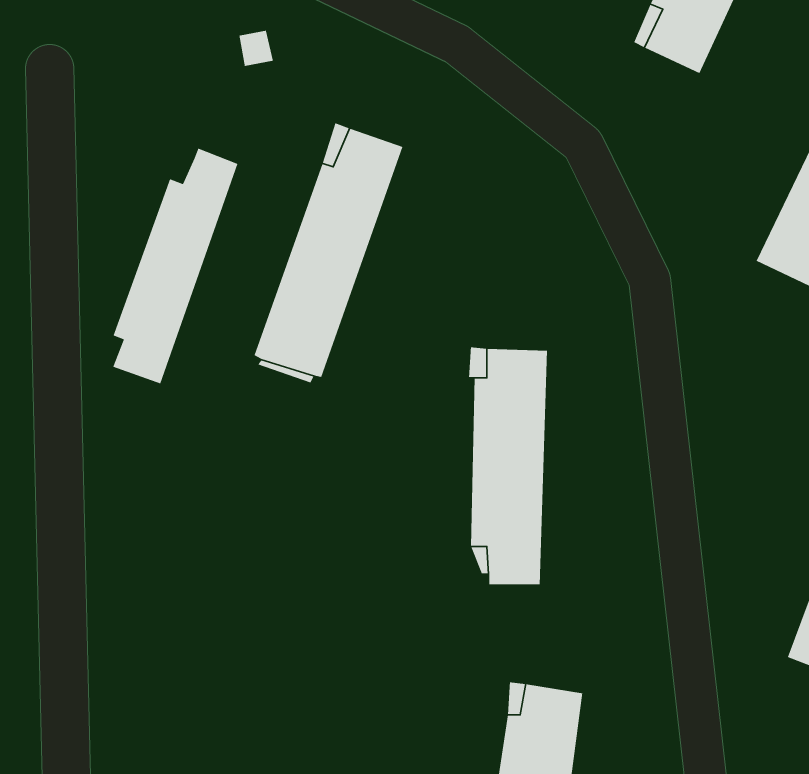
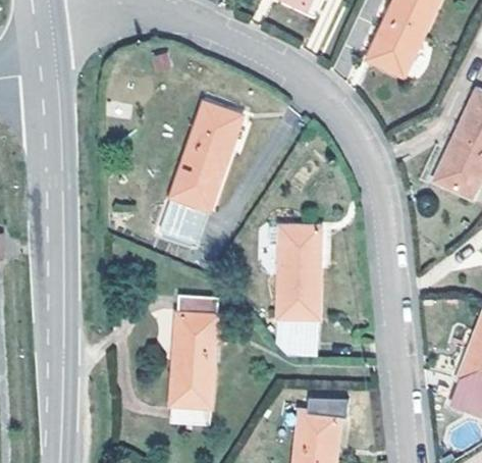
building: [112,148,238,384] -> none
building: none -> [171,294,218,424]

